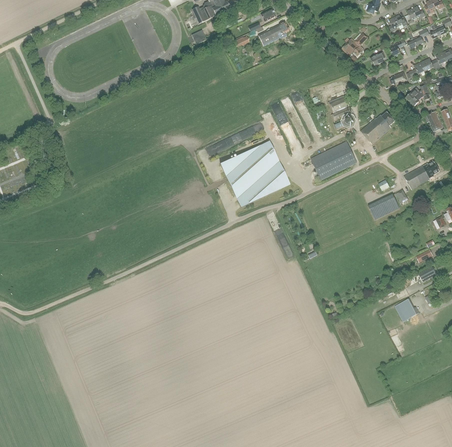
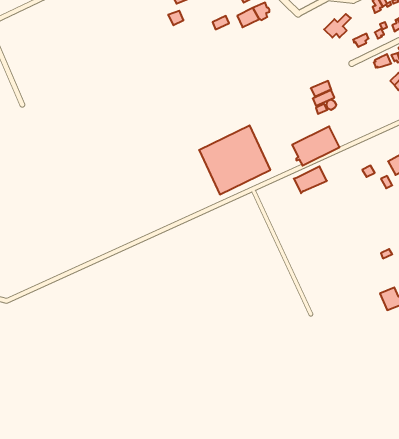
building: [361,110,395,143] -> none
building: [368,193,400,219] -> [294,166,327,193]

